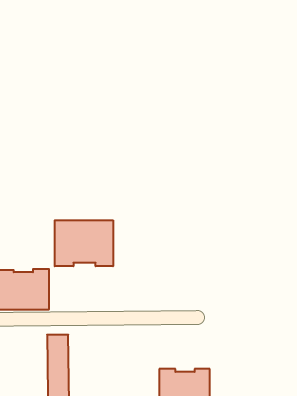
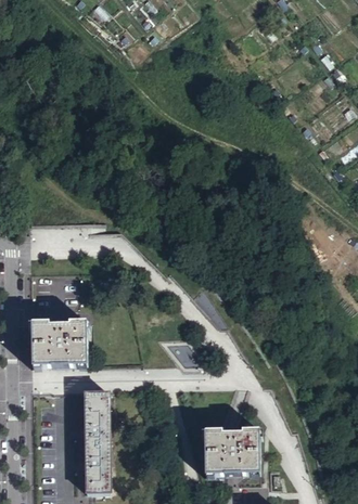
building: [55,220,113,266] -> none

